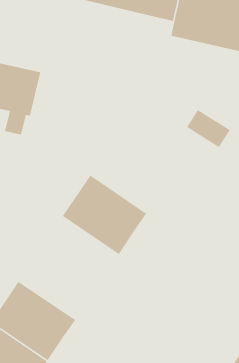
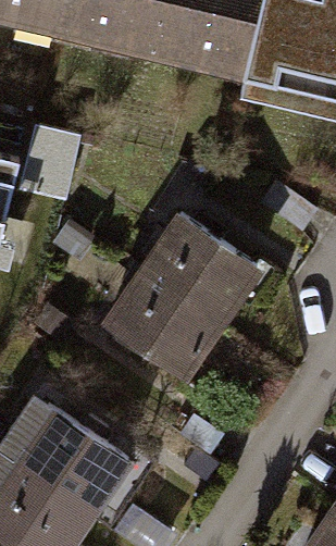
building: none -> [137,218,249,323]

